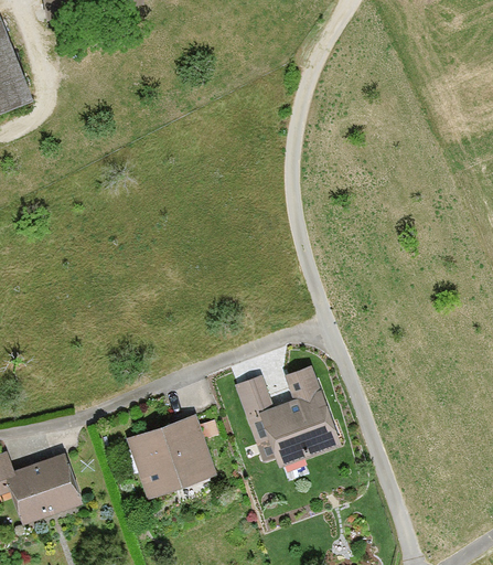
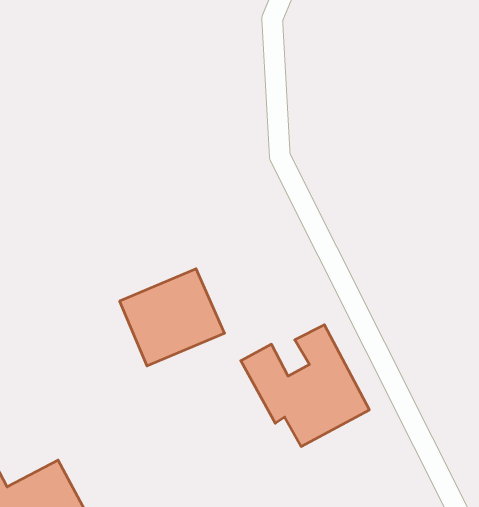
building: [127,416,215,495] -> [120,269,225,366]

